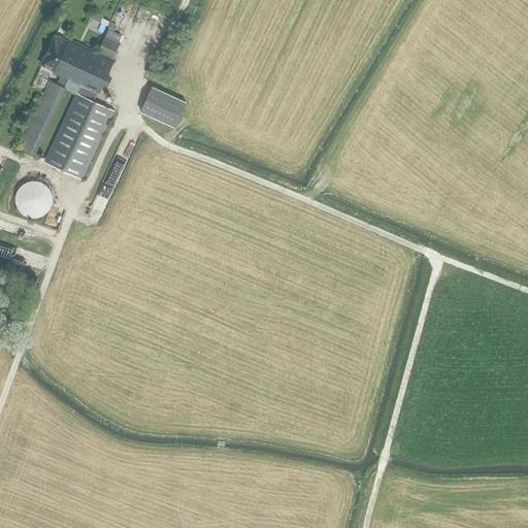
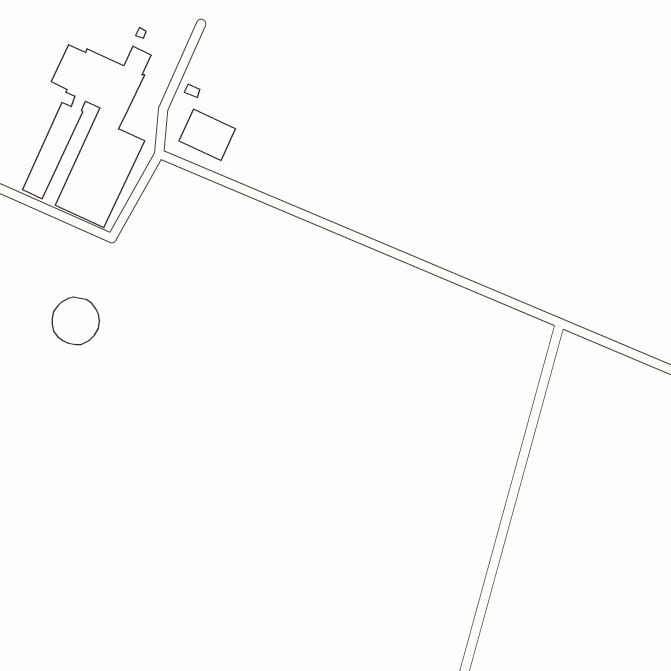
building: [14,179,52,217] -> [52,297,100,344]

